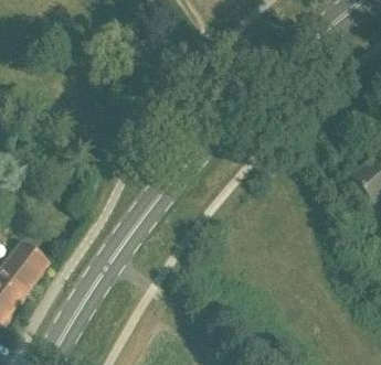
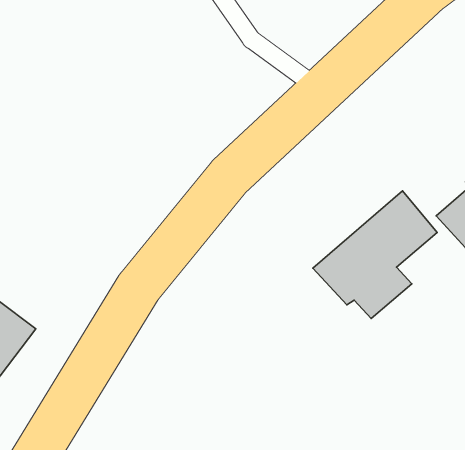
building: none -> [313,191,437,319]

